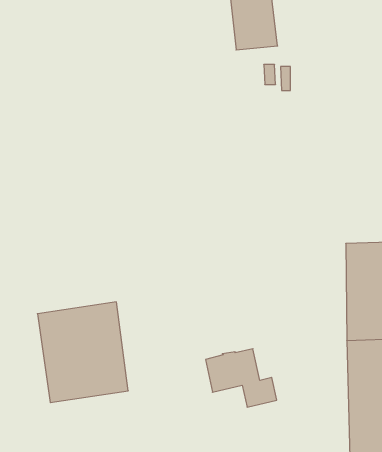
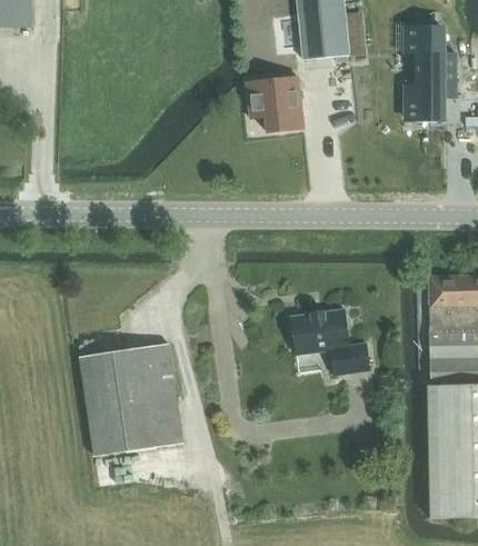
building: none -> [407,27,457,120]
building: none -> [248,77,303,131]
building: [206,349,277,407] -> [292,309,372,375]

